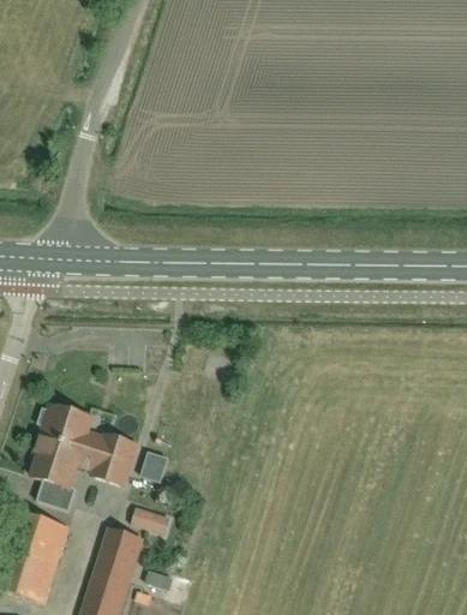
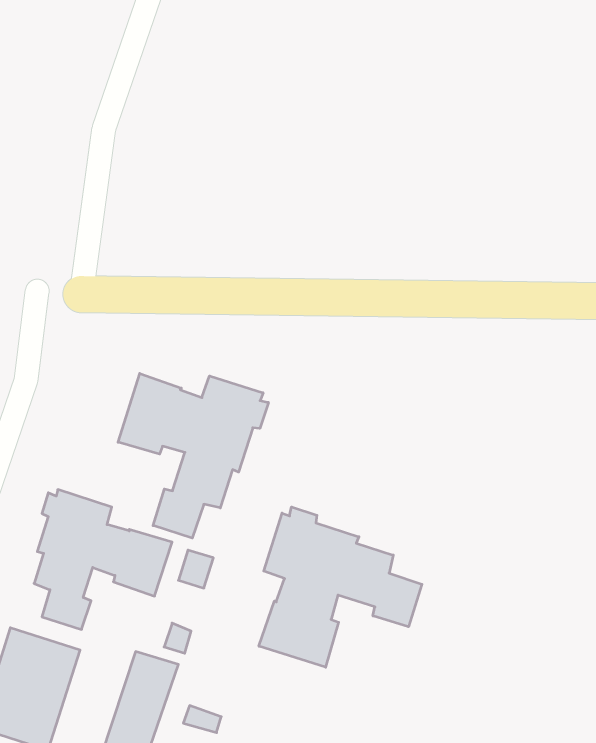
building: none -> [118,373,268,538]
building: none -> [259,507,422,667]

